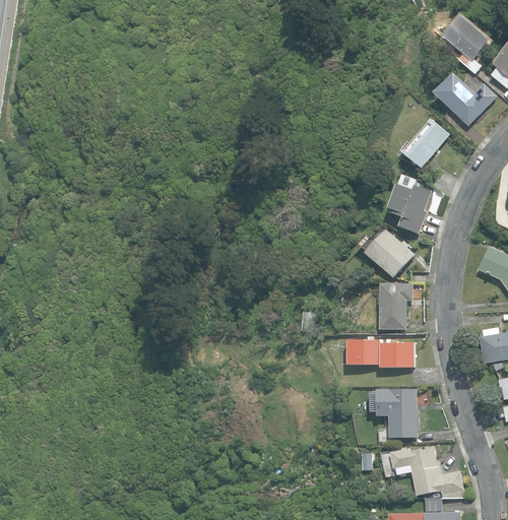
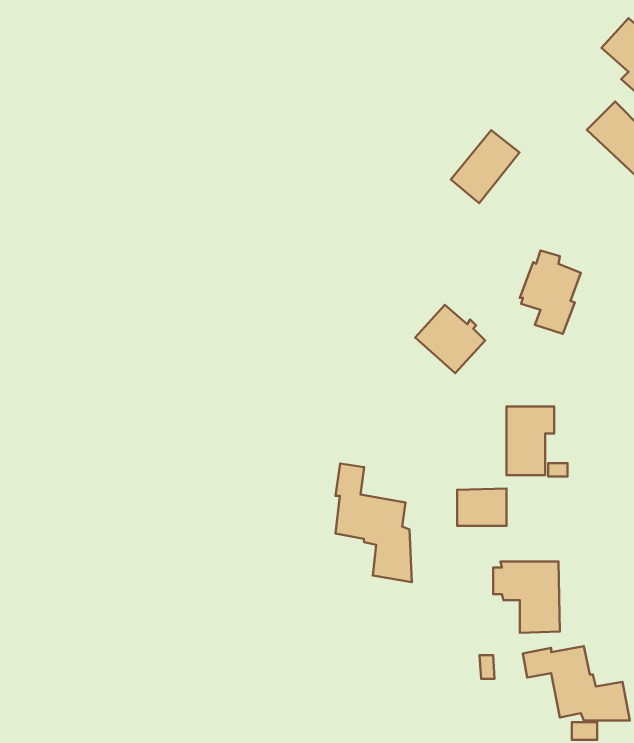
building: [401,118,448,168] -> [451,130,519,203]
building: [366,231,414,277] -> [415,305,485,373]
building: none -> [335,463,412,582]
building: [379,341,414,367] -> none

